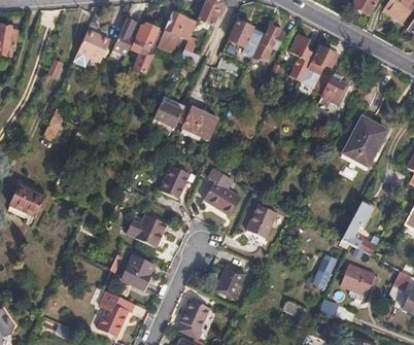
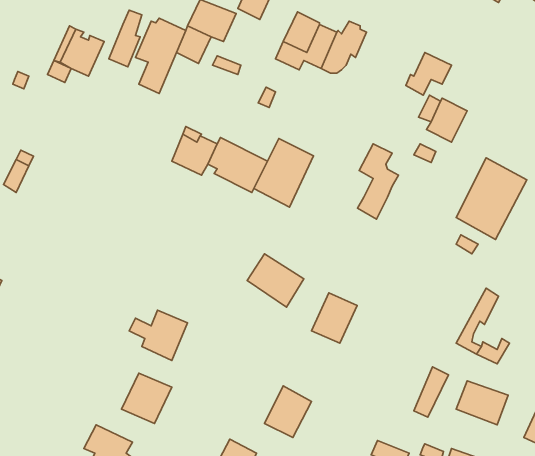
building: [288,34,315,83] -> [357,144,398,219]
building: none -> [254,139,313,207]
building: [161,168,188,201] -> none

